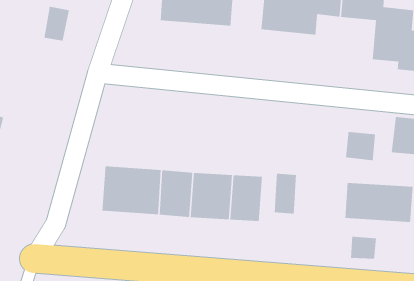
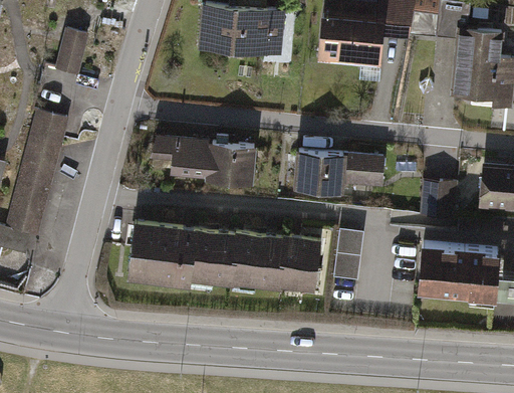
building: none -> [7,115,69,235]
building: none -> [151,138,260,185]
building: none -> [291,151,386,194]
building: [350,236,377,260] -> none

